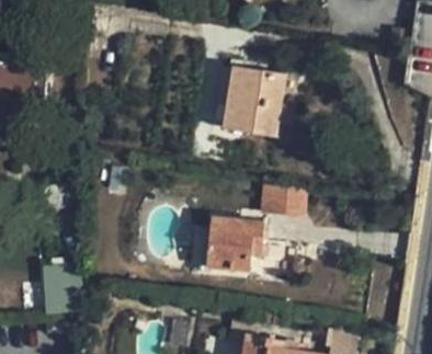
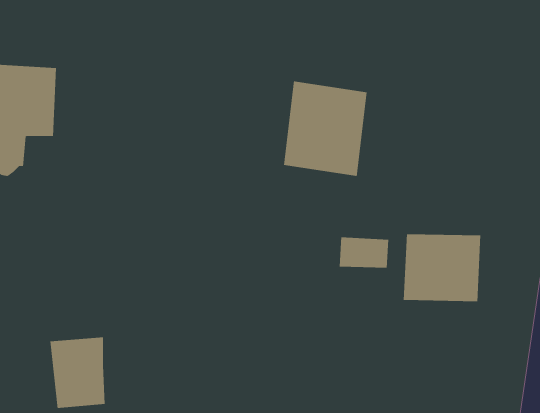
building: none -> [403,233,481,302]
building: [205,217,263,272] -> none

